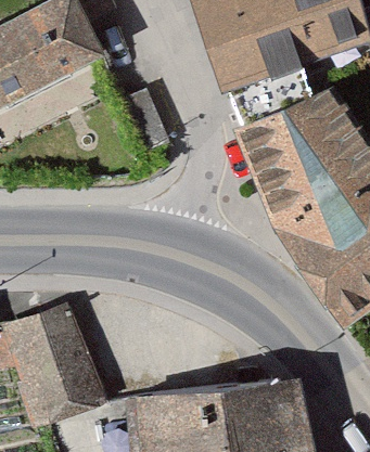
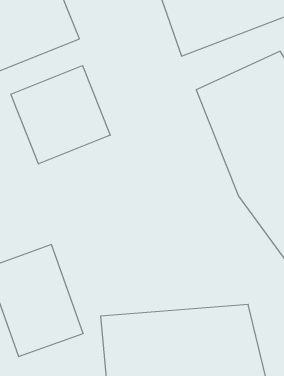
building: none -> [11,66,110,164]

